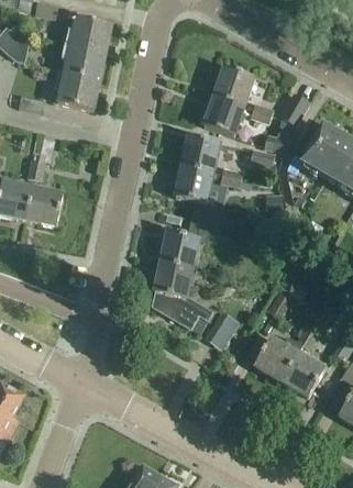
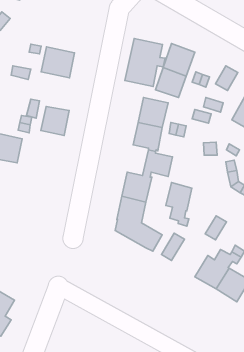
building: [64,15,115,77] -> [125,39,165,87]
building: [26,187,63,224] -> [41,106,69,136]
building: none -> [166,182,192,226]

